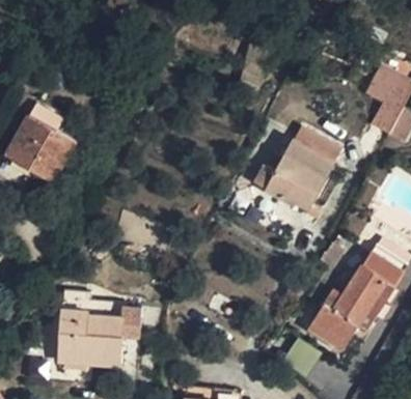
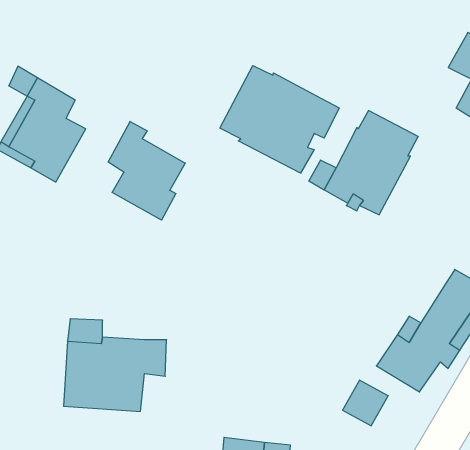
building: none -> [220,66,339,173]
building: none -> [108,121,185,220]

